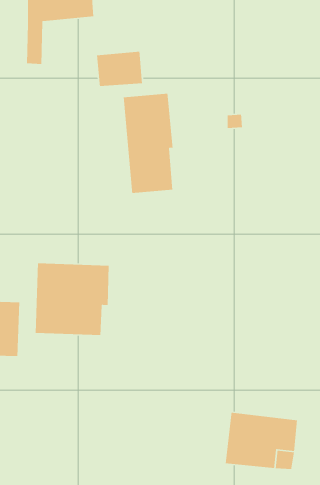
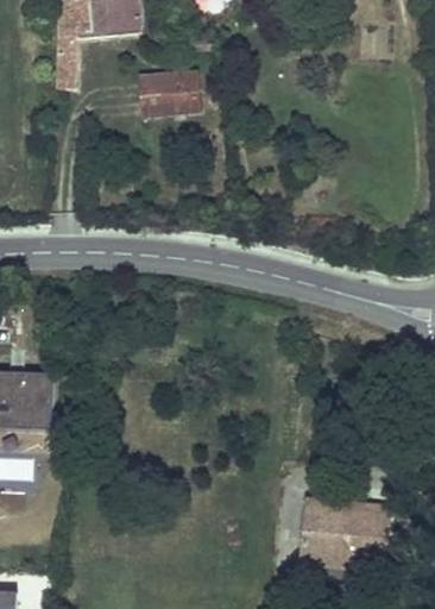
building: [123,93,173,194] -> none
building: [35,263,110,336] -> none

